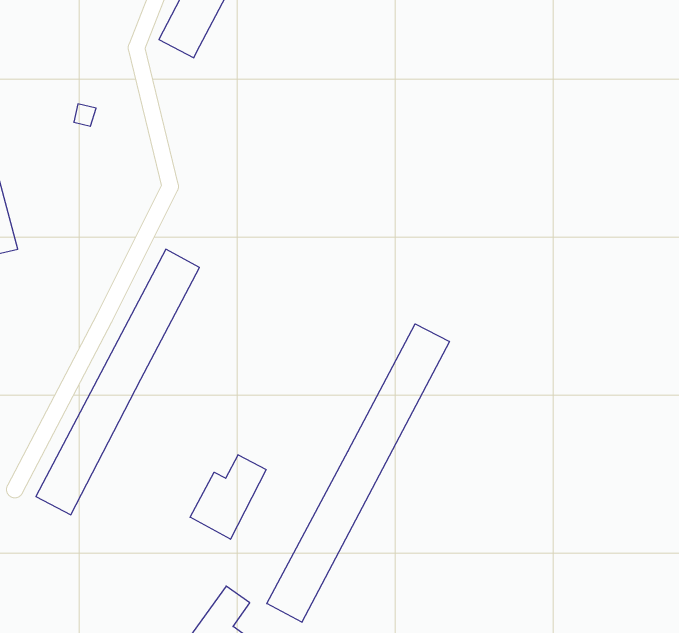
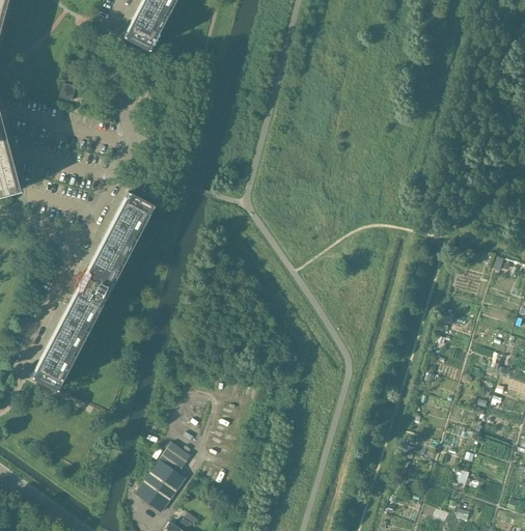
building: [267,324,449,622] -> none
building: [190,455,266,539] -> none

